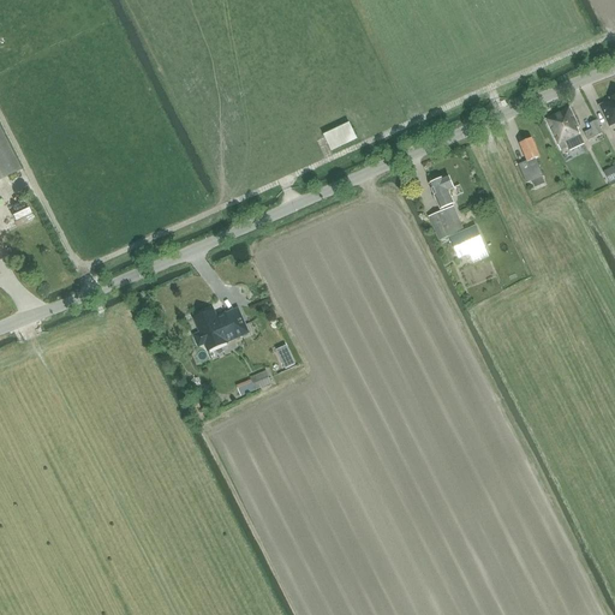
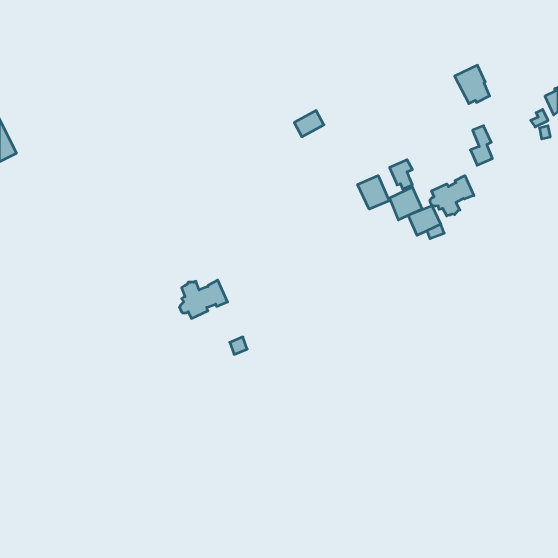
building: [544,108,583,150] -> [455,65,490,104]
building: none -> [430,176,474,216]
building: none -> [358,176,389,209]

